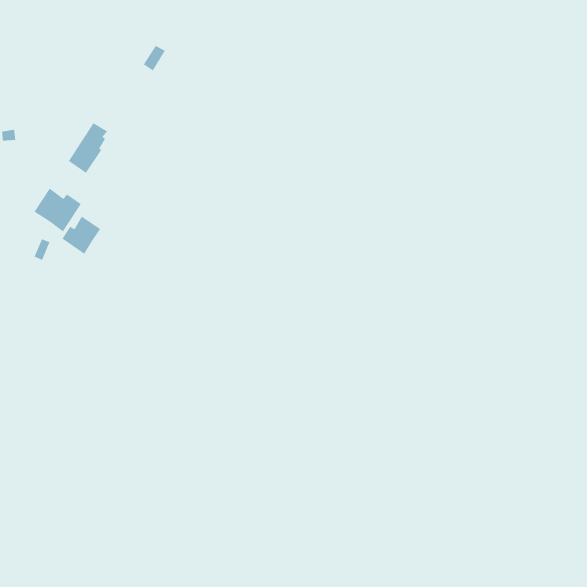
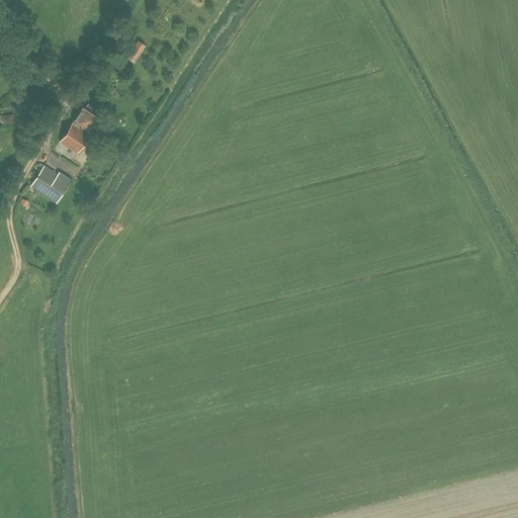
building: [62,216,101,255] -> none

